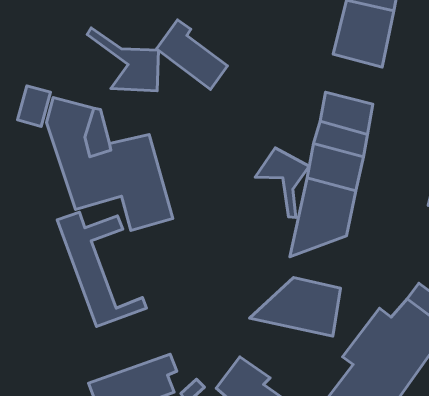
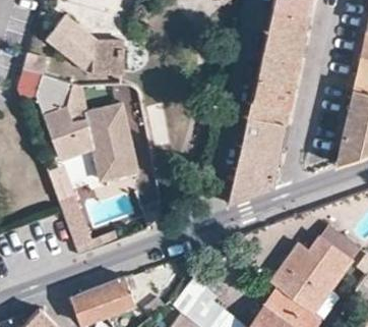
building: [156,20,228,90] -> [49,19,104,73]
building: none -> [256,47,300,86]
building: [255,148,309,217] -> none
building: [249,278,341,336] -> none

